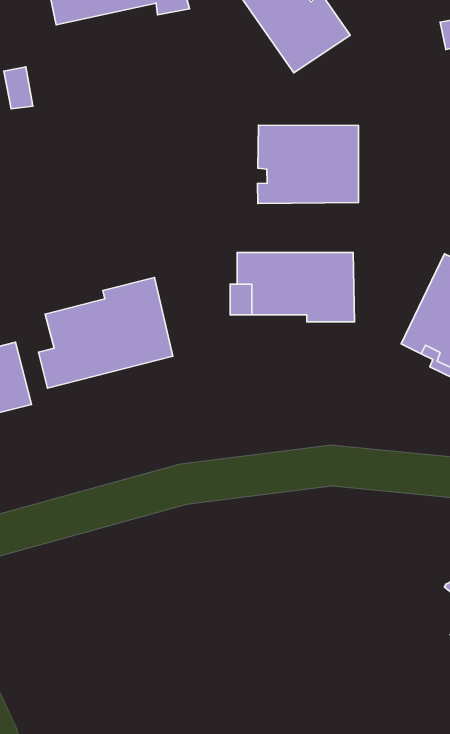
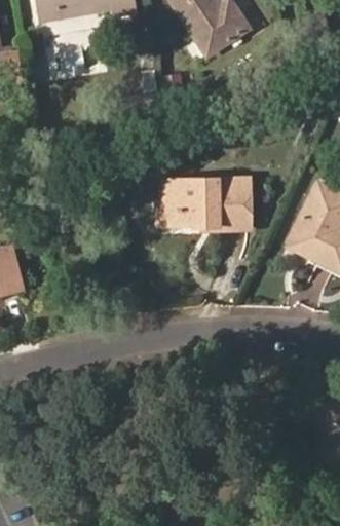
building: [257,125,359,203] -> none
building: [38,277,173,388] -> none

